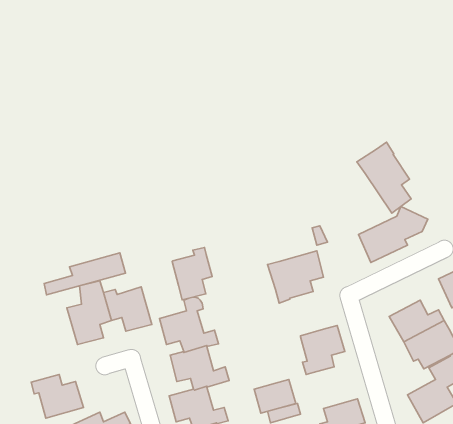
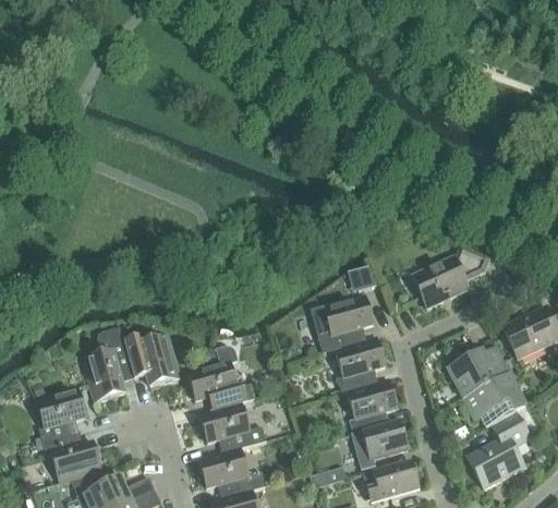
building: [357,142,411,213] -> none
building: [172,247,212,300] -> none
building: [44,253,126,295] -> none
building: none -> [335,337,385,392]
building: none -> [36,387,86,443]
building: [254,379,296,413] -> [361,421,408,459]

